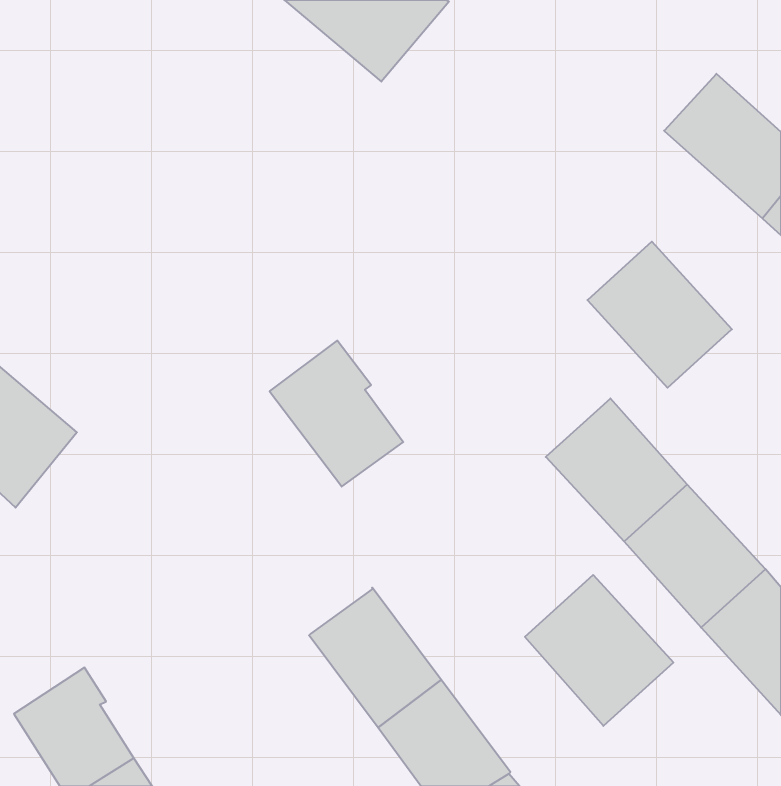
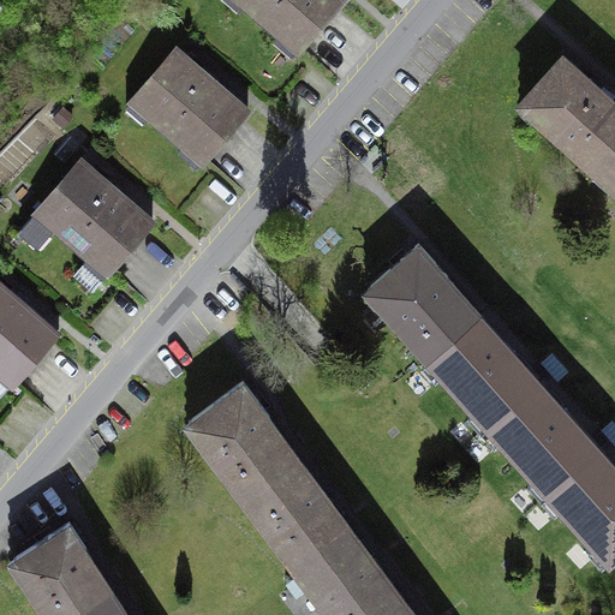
building: none -> [132,54,252,171]
building: none -> [31,162,157,285]
building: [587,242,732,388] -> [364,243,477,357]
building: [270,341,403,487] -> [186,381,291,495]
building: [525,575,673,726] -> none

